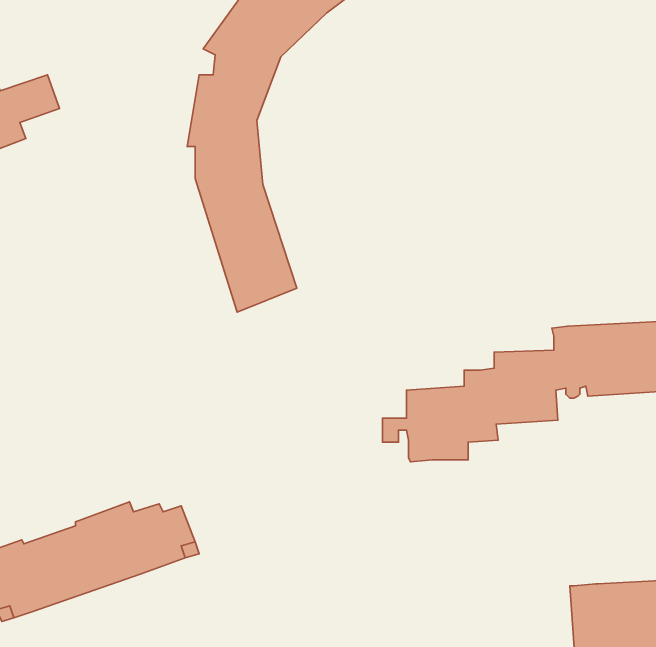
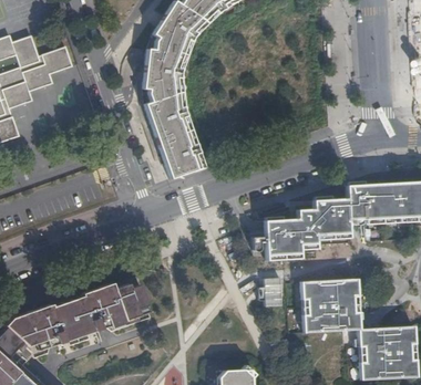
building: none -> [300,279,359,332]

